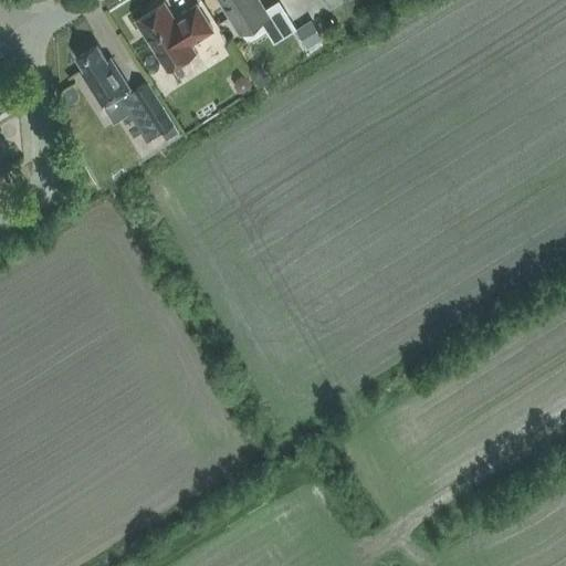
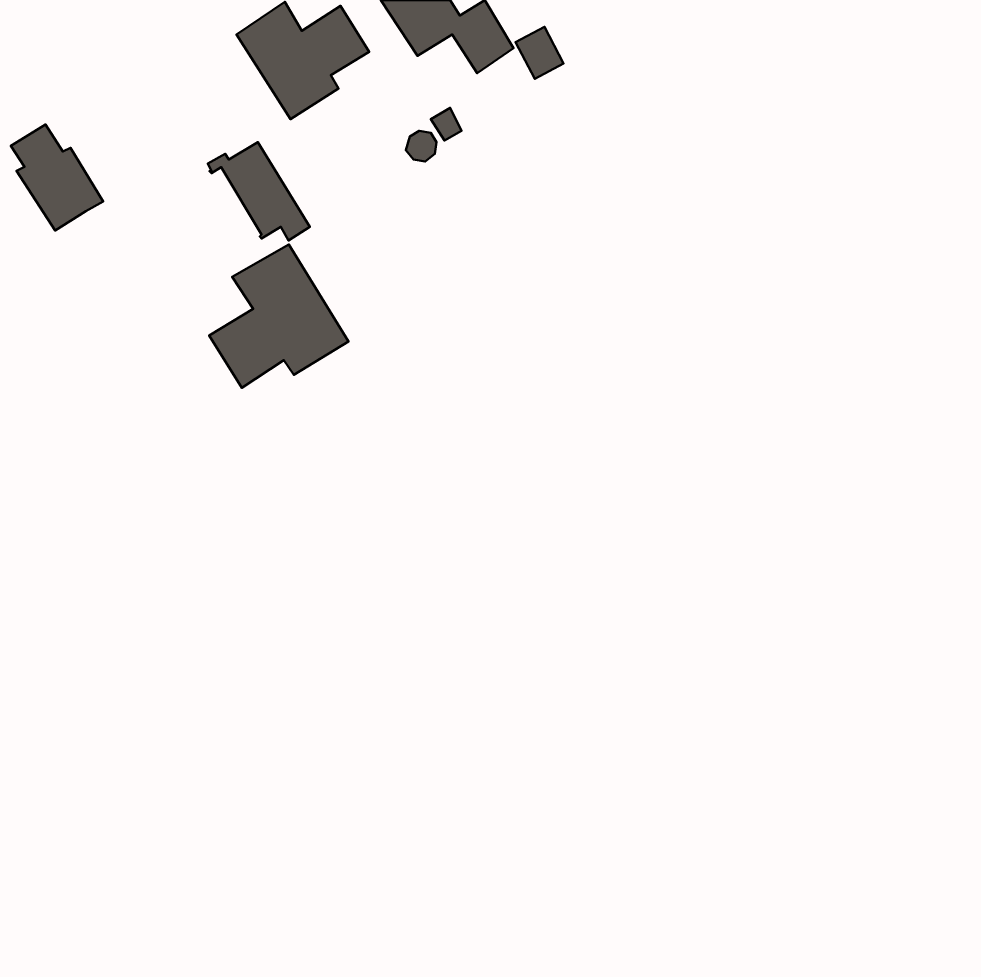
building: [76,48,129,108] -> [11,125,103,230]
building: none -> [209,245,348,388]

